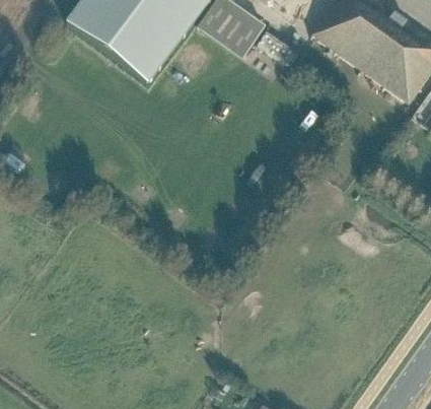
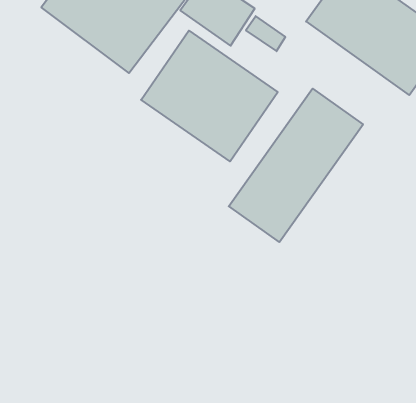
building: none -> [141,31,278,161]
building: none -> [229,89,363,242]

